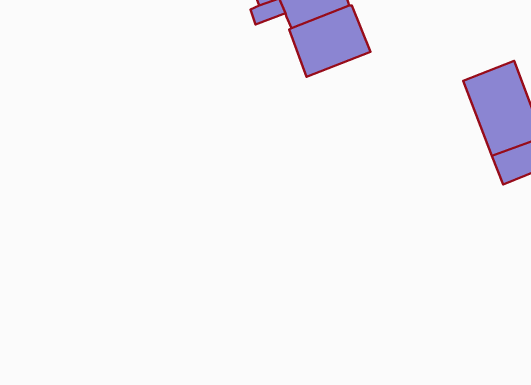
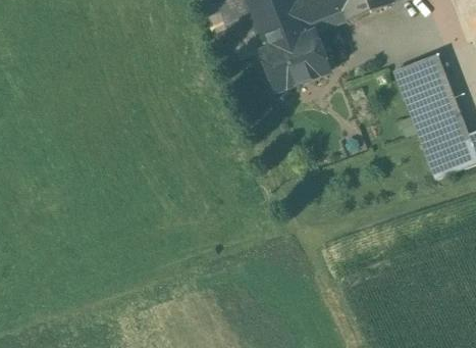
building: none -> [395,55,446,94]

